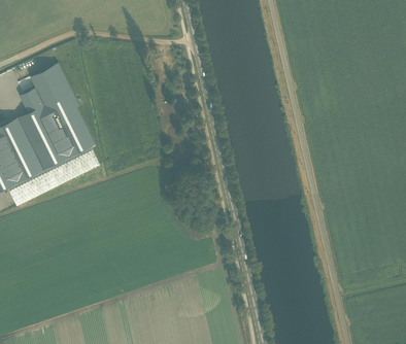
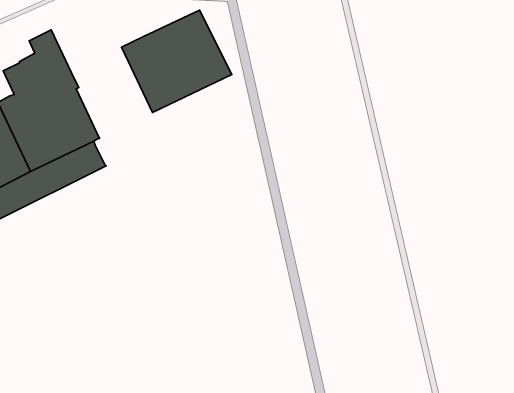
building: none -> [121,10,232,112]

